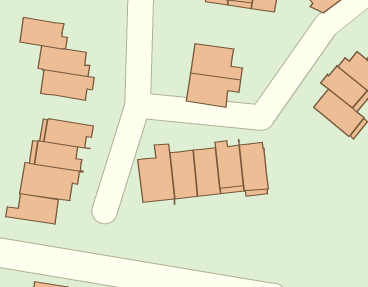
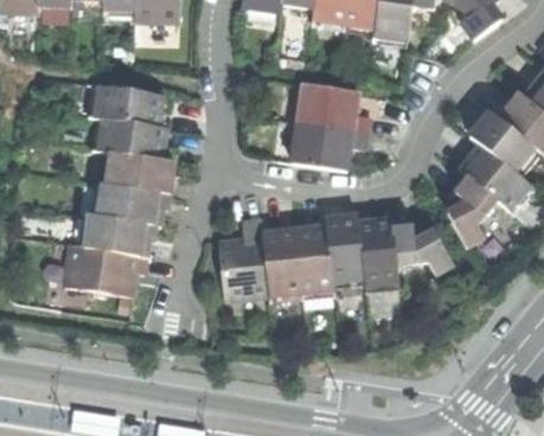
building: [20,18,68,49] -> [103,152,168,194]
building: none -> [449,175,498,245]
building: none -> [395,225,455,272]
building: [6,194,58,224] -> none

